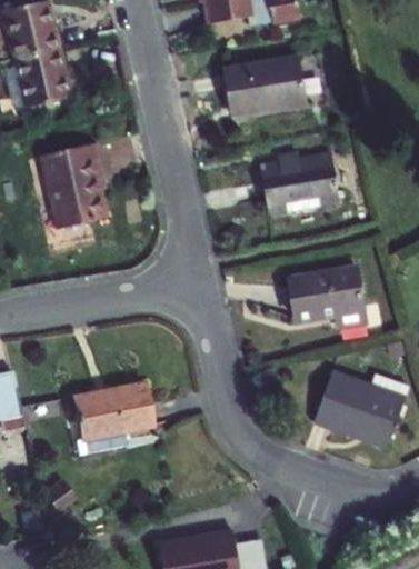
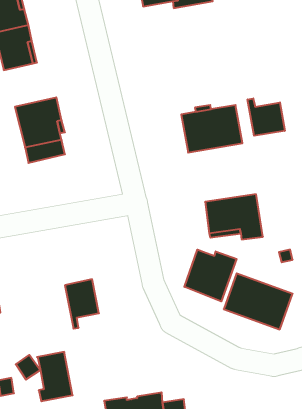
building: [223,57,305,117] -> none
building: none -> [248,98,285,136]
building: none -> [184,250,237,301]
building: [70,389,117,453] -> [37,352,73,401]

